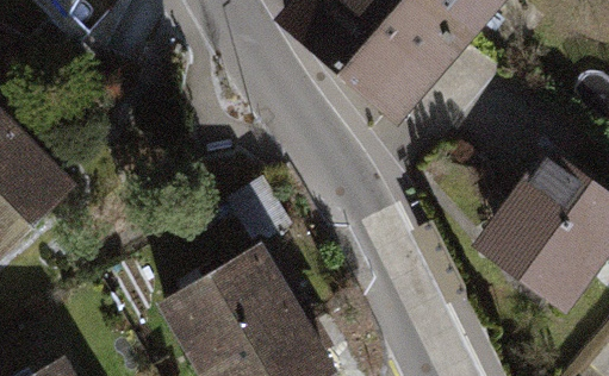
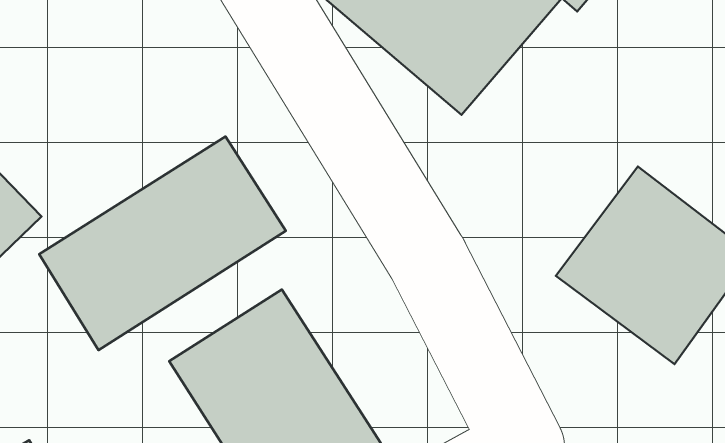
building: none -> [39,136,286,350]

